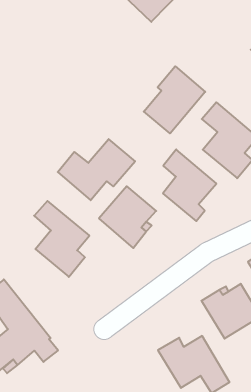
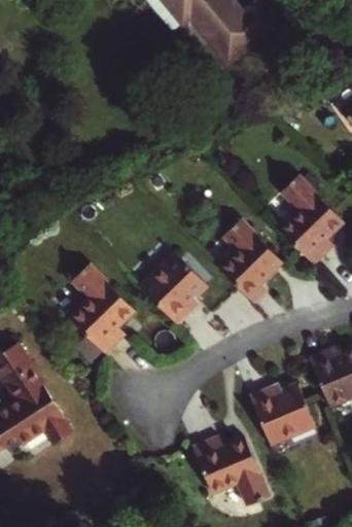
building: [144,66,205,133] -> none
building: [58,139,135,200] -> none

